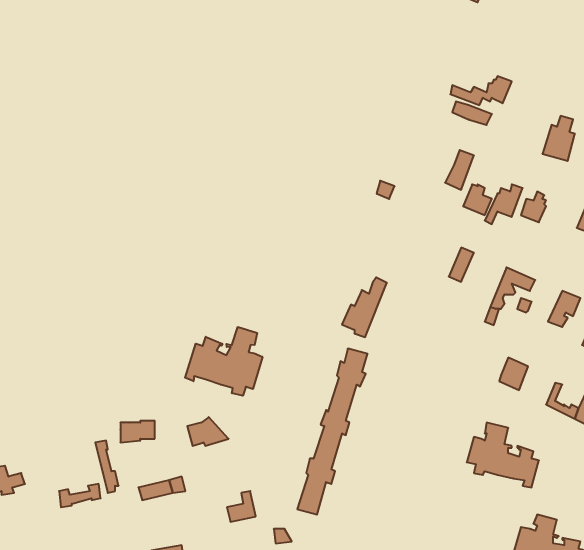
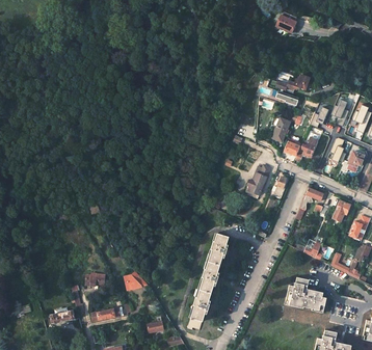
building: [342,277,387,337] -> [244,165,270,199]
building: [185,327,262,396] -> none

